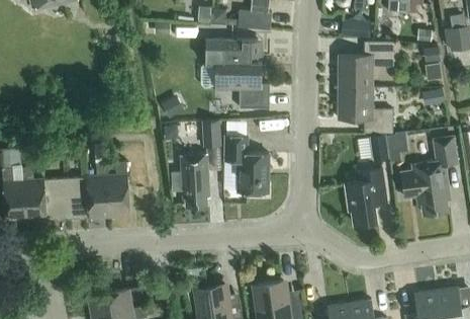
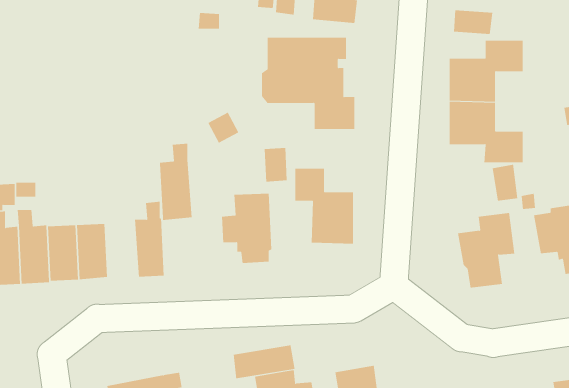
building: [86,162,110,219] -> [159,143,192,220]
building: none -> [233,344,295,379]

